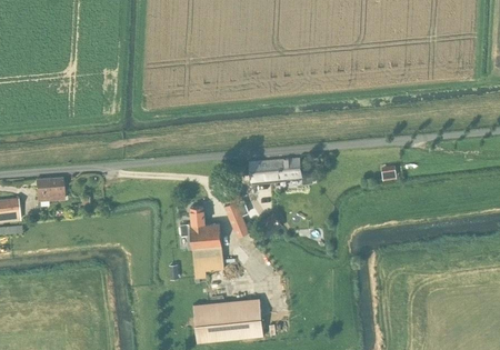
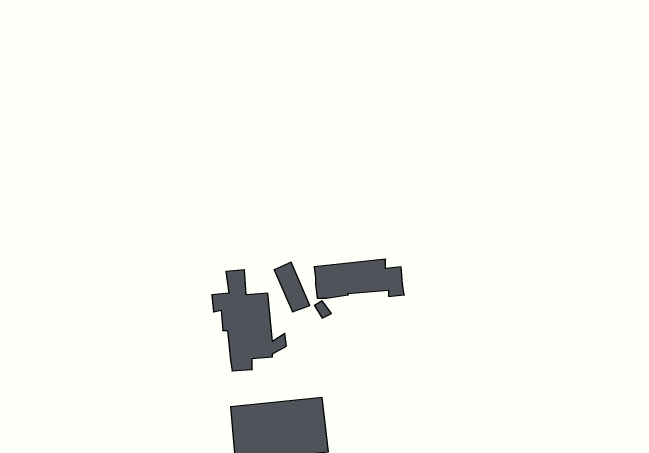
building: [249,158,313,186] -> [314,259,404,298]
building: [36,177,63,201] -> none

